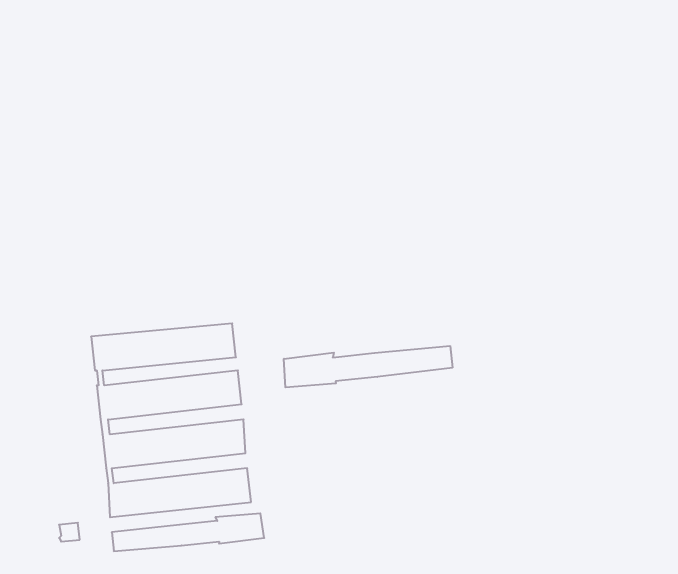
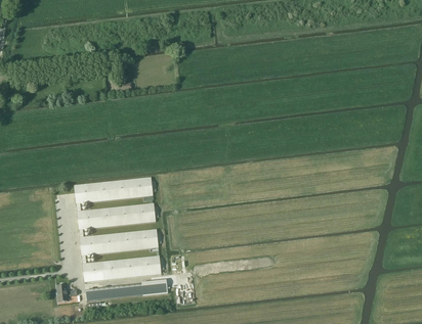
building: [284,346,452,387] -> none

